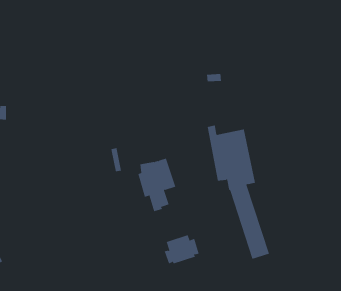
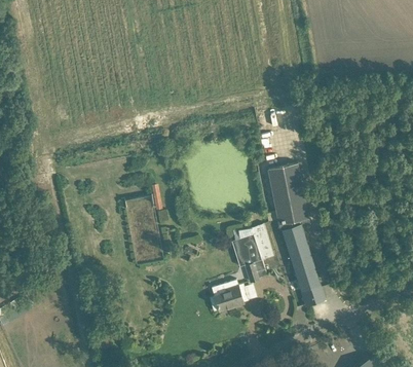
building: [138,158,176,212] -> [233,225,275,285]

